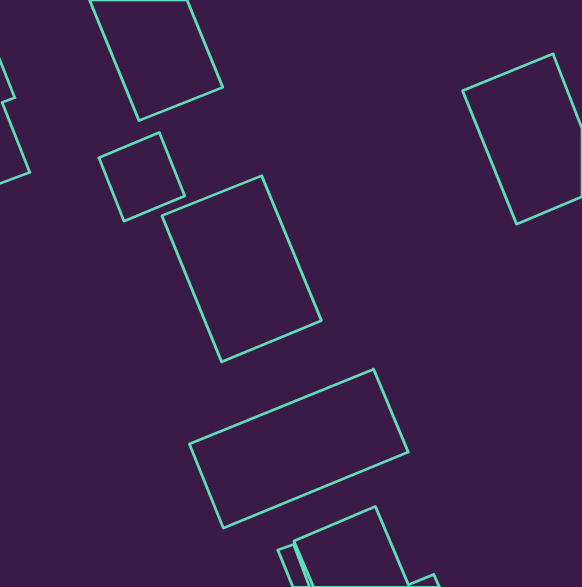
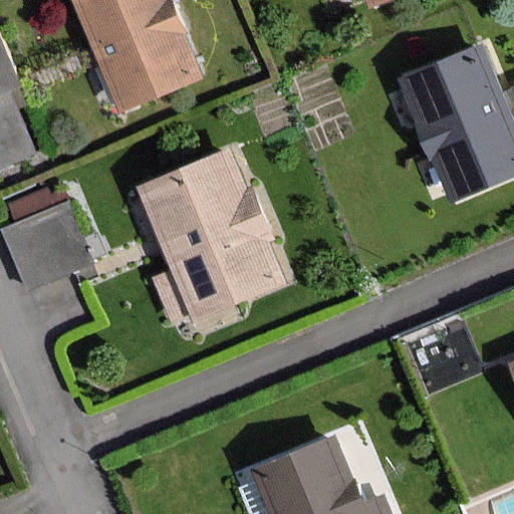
building: [99,133,185,221] -> [8,207,83,284]
building: [190,369,408,528] -> none

